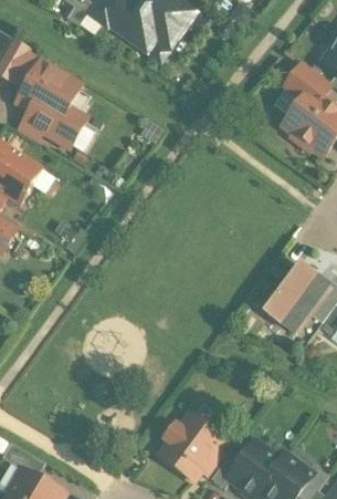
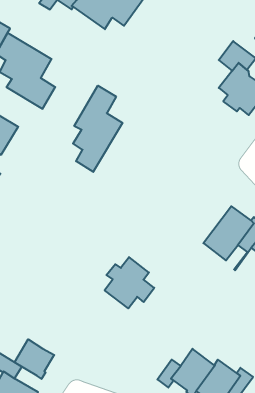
building: none -> [73,86,122,172]
building: [161,414,222,477] -> [105,257,154,308]
building: none -> [14,339,54,379]

